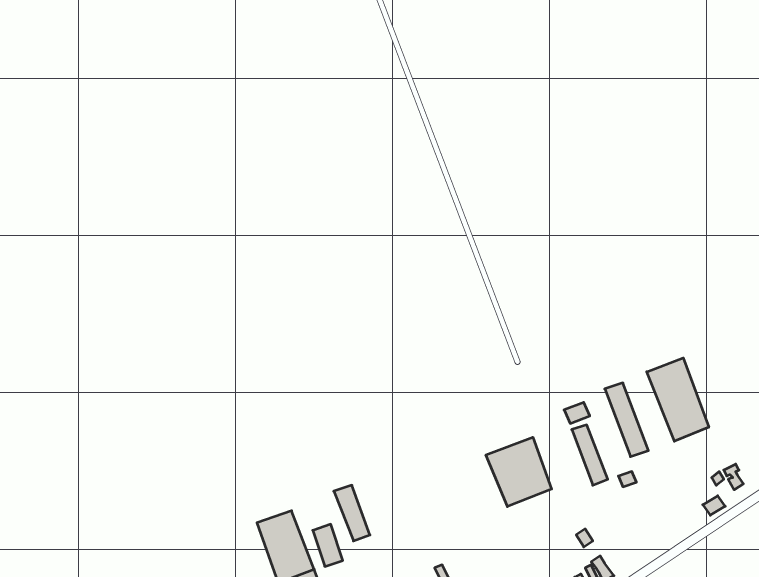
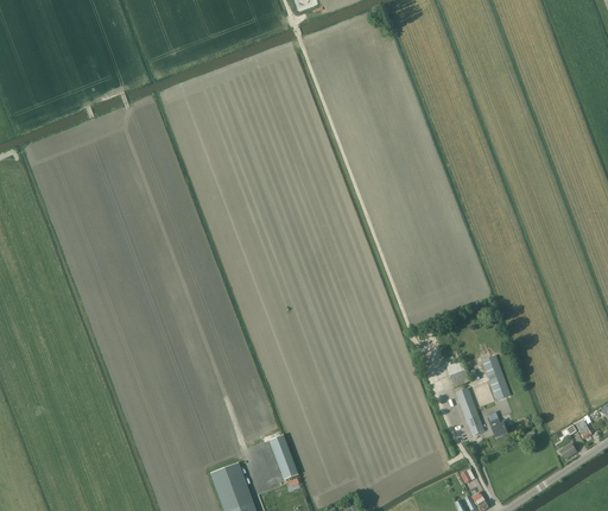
building: [647,358,709,441] -> none
building: [486,437,552,507] -> none

